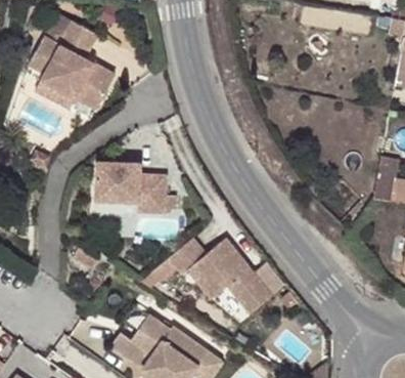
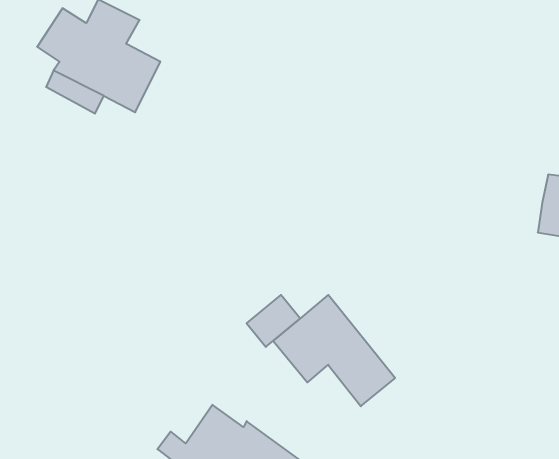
building: [95,164,167,217] -> none

